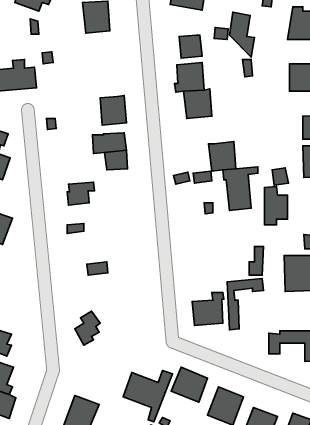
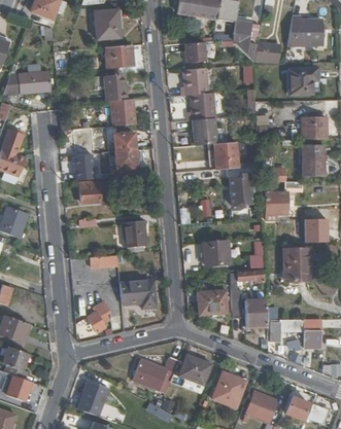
building: none -> [255,42,278,62]
building: none -> [105,44,133,67]
building: none -> [103,73,127,100]
building: none -> [192,117,217,145]
building: none -> [71,152,97,180]
building: none -> [122,220,146,247]
building: none -> [202,241,229,265]
building: none -> [120,279,157,309]
building: none -> [246,298,267,325]

